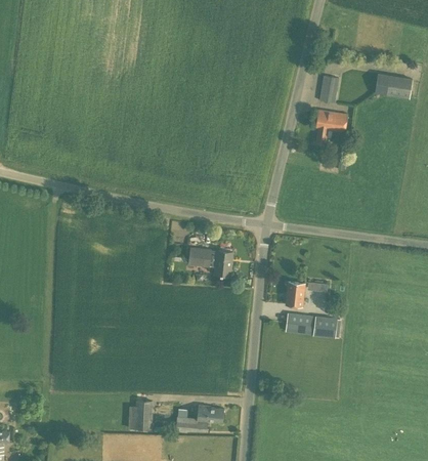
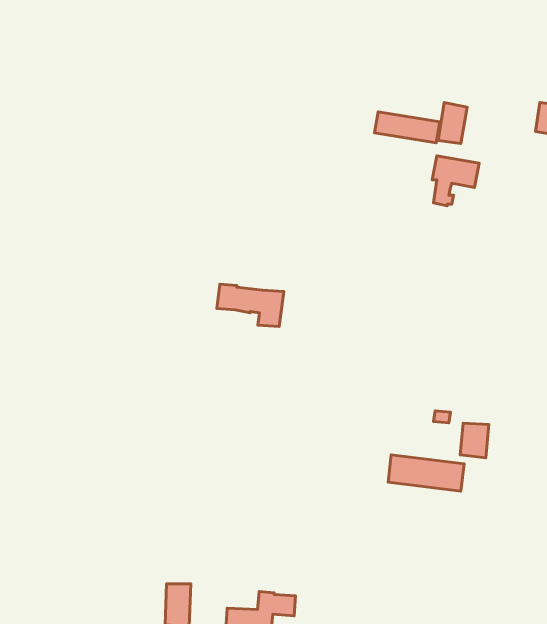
building: none -> [374,112,440,143]
building: [186,246,231,275] -> [217,284,284,327]
building: [285,282,304,305] -> [460,423,489,458]

